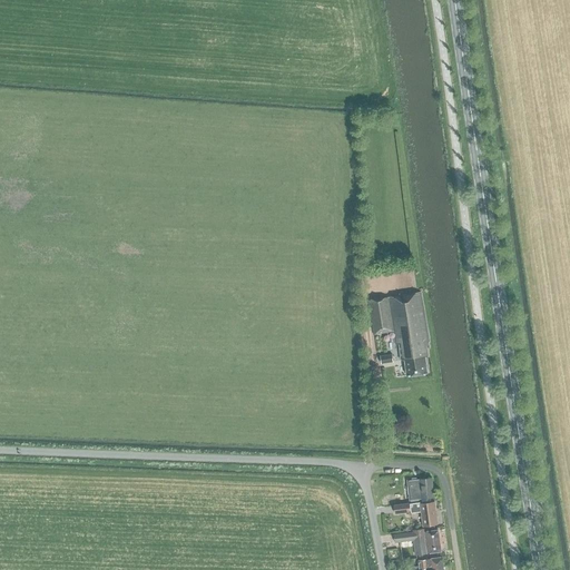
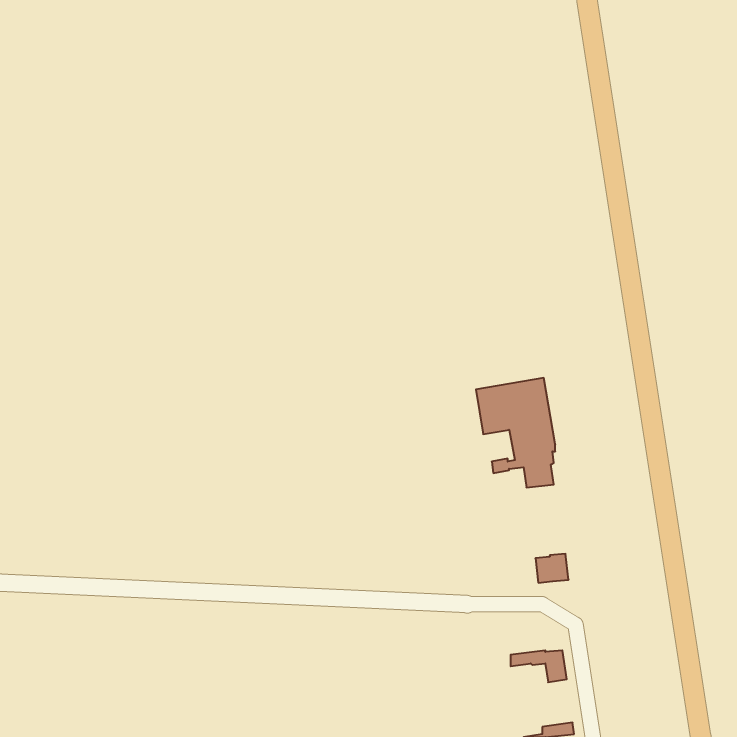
building: [407,478,433,500] -> [535,554,569,583]
building: [393,529,441,556] -> none

